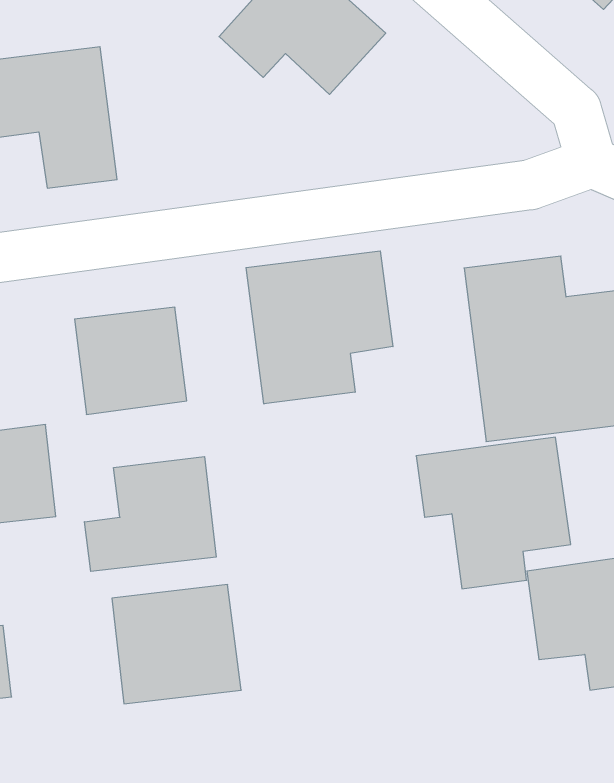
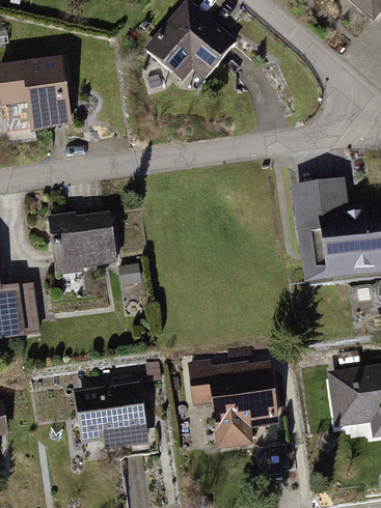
building: [246,251,393,404] -> none
building: [416,437,571,589] -> [184,360,278,452]
building: [84,457,216,571] -> none

